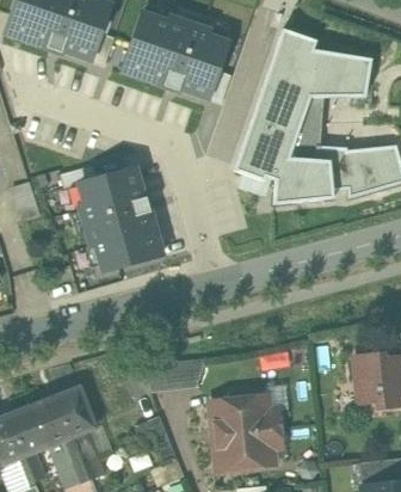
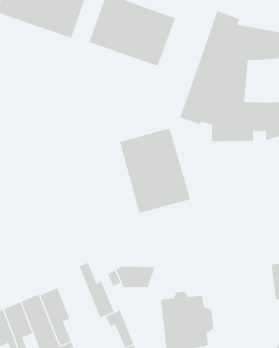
building: [73,162,165,272] -> [119,128,191,213]
building: none -> [79,262,114,318]

